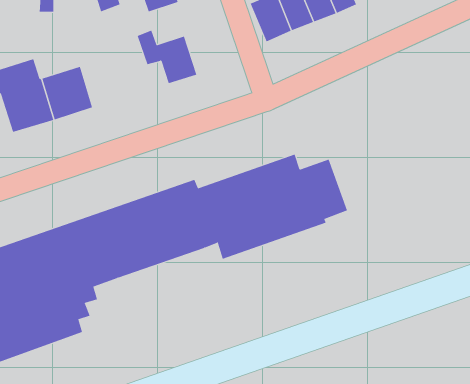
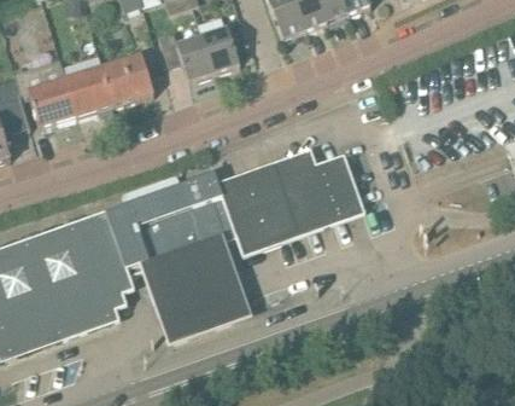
building: none -> [205,27,240,72]
building: none -> [105,53,154,104]
building: none -> [141,239,253,347]

